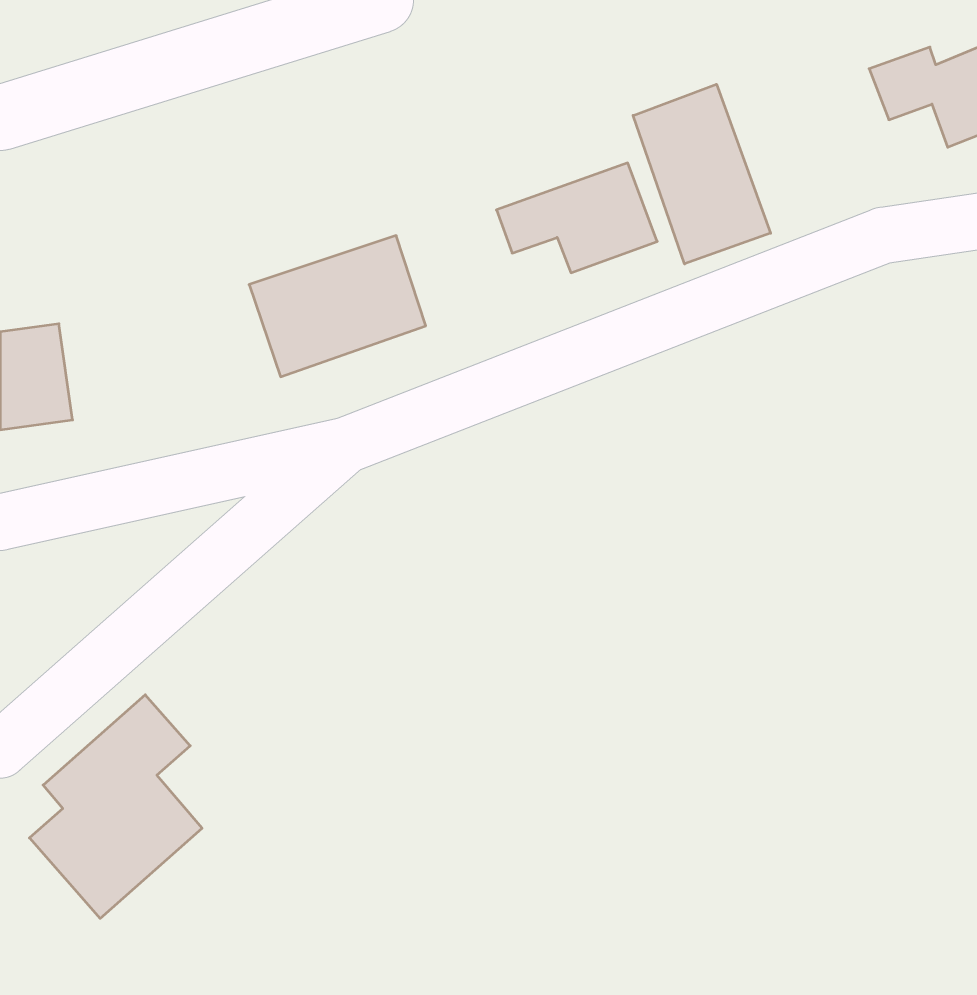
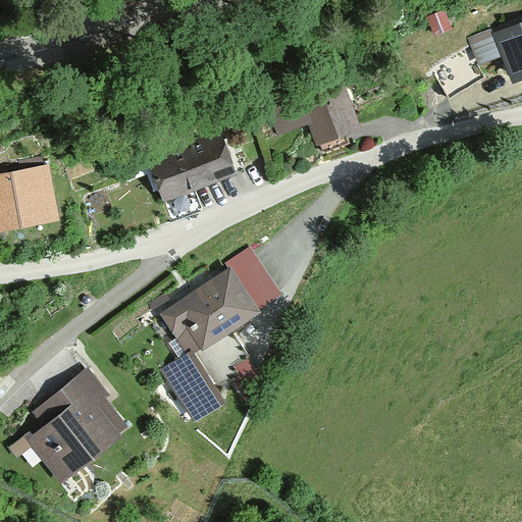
building: [633,84,771,264] -> none
building: none -> [158,252,284,422]

